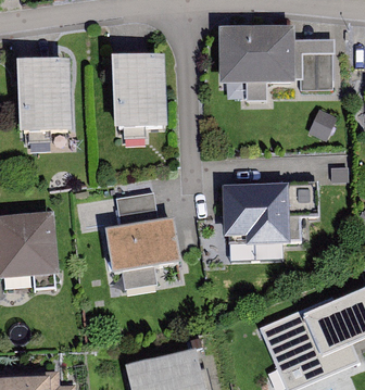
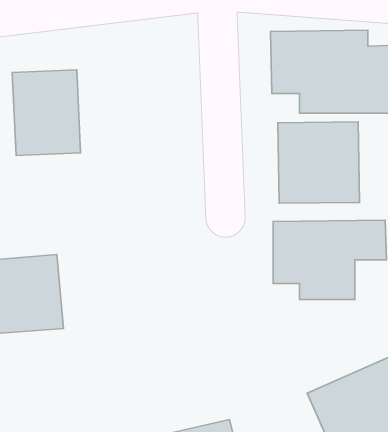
building: [112,55,167,127] -> none
building: none -> [278,122,359,203]
building: [115,192,192,293] -> none

